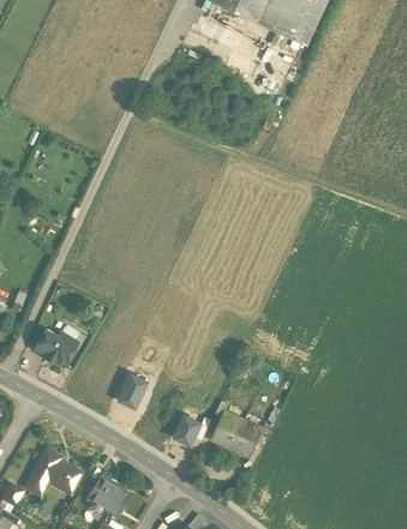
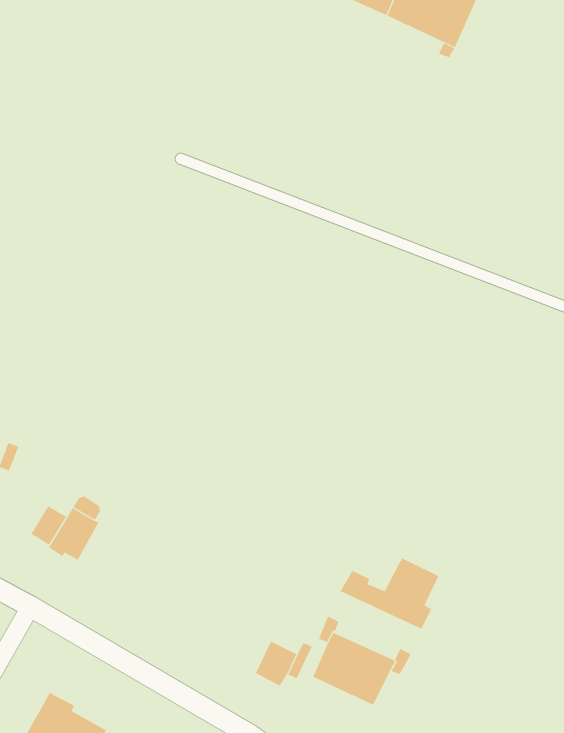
building: none -> [340,558,439,630]
building: [120,375,149,409] -> none

